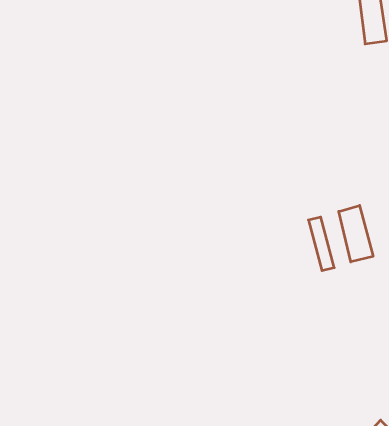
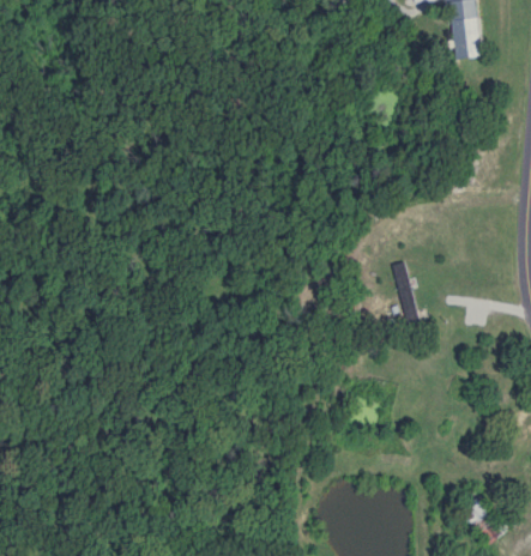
building: [339,205,373,262] -> none

